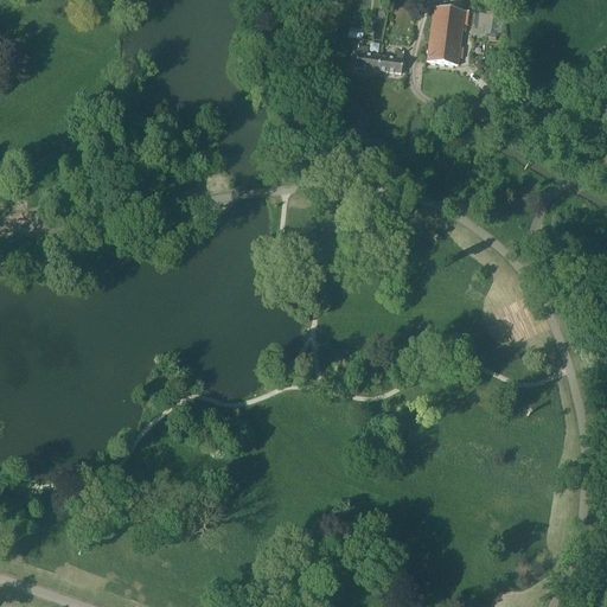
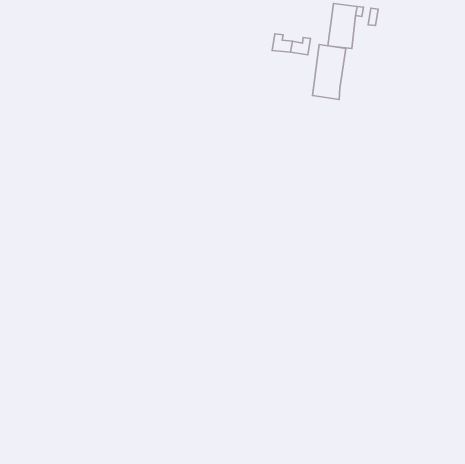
building: none -> [313,44,346,99]

